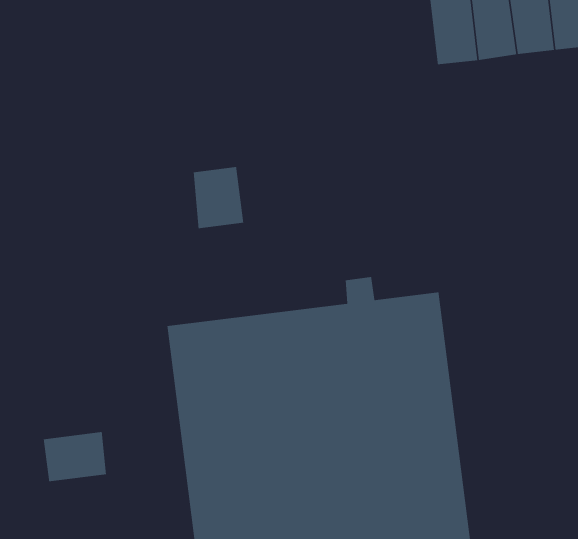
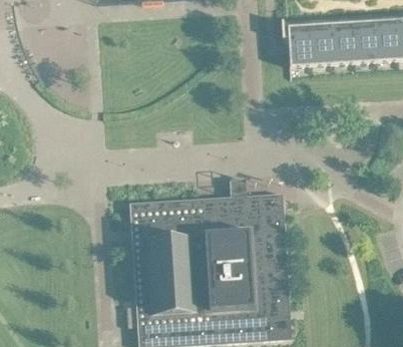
building: [193,166,244,229] -> none
building: [43,431,107,482] -> none

